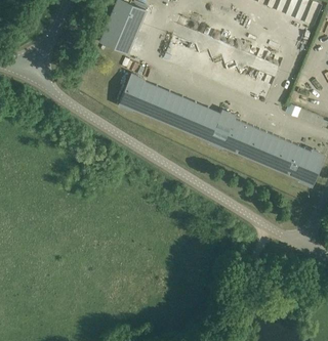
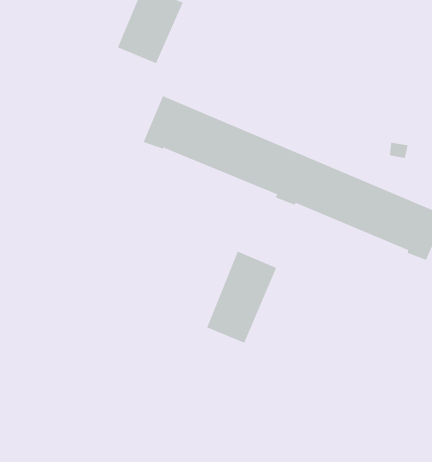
building: none -> [206,251,277,344]

